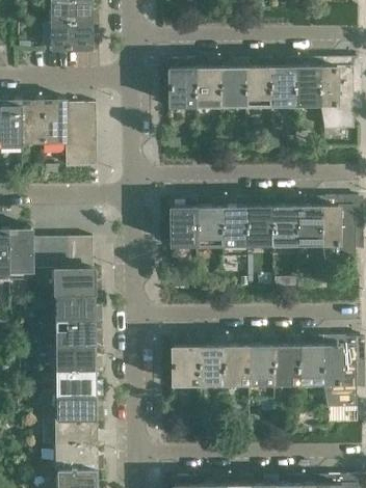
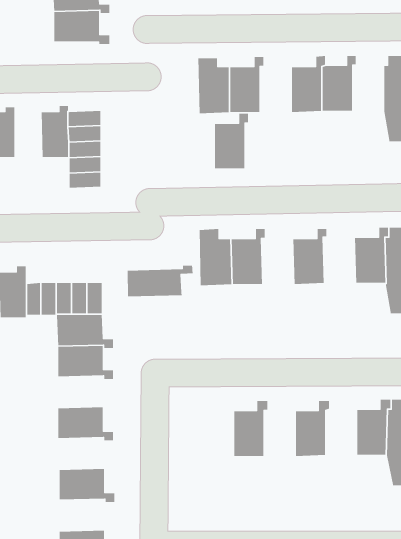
building: [293,60,321,106] -> none
building: [218,61,246,107] -> [214,113,249,169]
building: [20,101,42,143] -> none
building: [269,199,297,245] -> none
building: [219,200,247,246] -> none
building: none -> [127,265,193,297]
building: [54,320,100,348] -> none
building: [271,338,299,384] -> none
building: [171,340,197,386] -> none
building: [221,340,250,385] -> none
building: [54,370,101,398] -> none
building: [55,419,101,448] -> none

